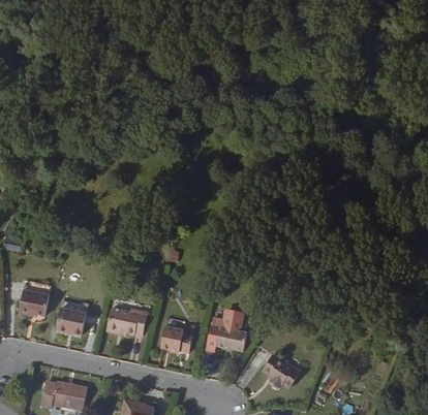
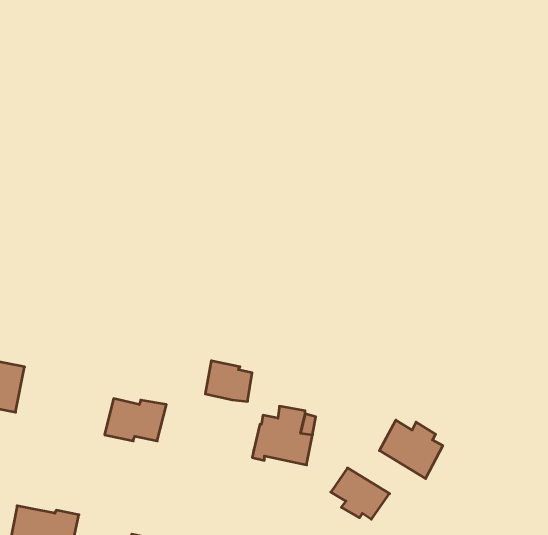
building: [56,300,88,336] -> none
building: none -> [379,420,443,479]
building: [160,325,192,353] -> [205,361,252,401]

